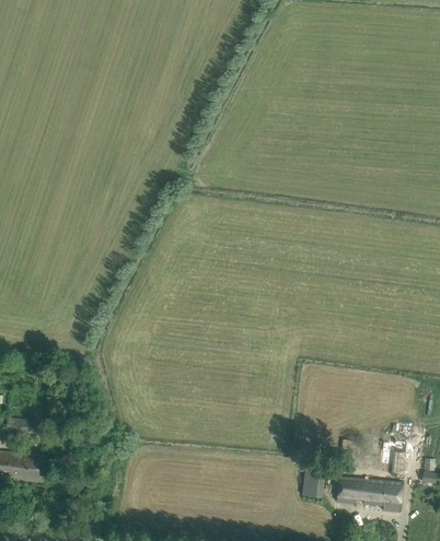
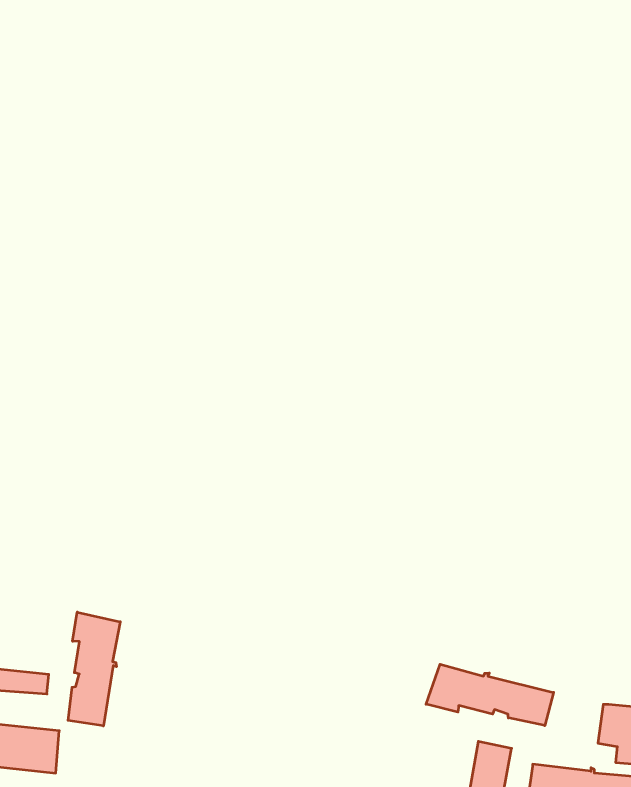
building: none -> [68,612,120,726]
building: none -> [426,664,554,726]

